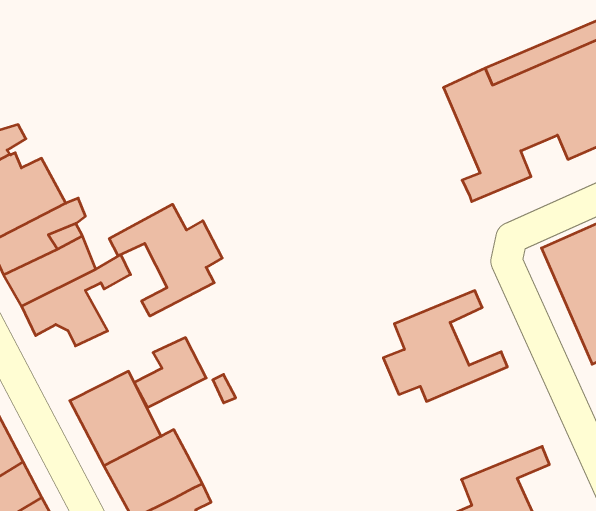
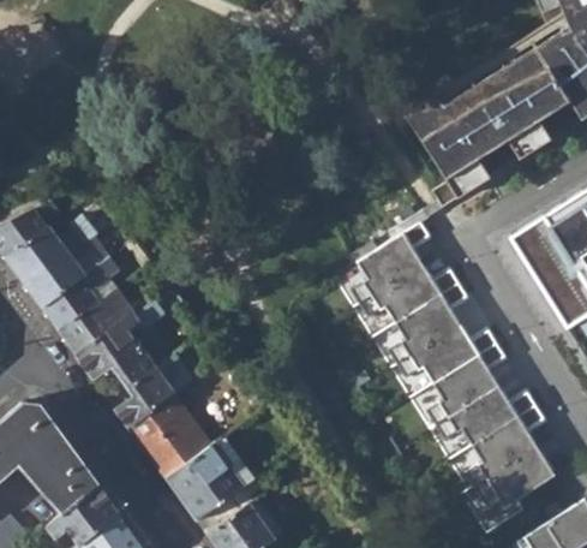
building: none -> [349,210,456,321]
building: [109,204,222,316] -> none
building: [134,338,206,407] -> [115,364,175,428]
building: none -> [425,342,533,443]

